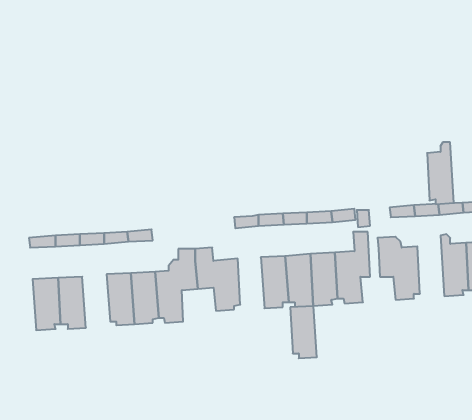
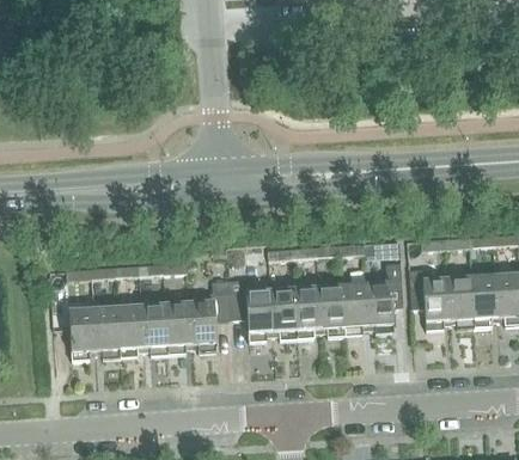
building: [427,142,454,204] -> [450,265,476,326]
building: none -> [120,303,147,356]
building: [290,306,317,358] -> [273,287,299,338]

